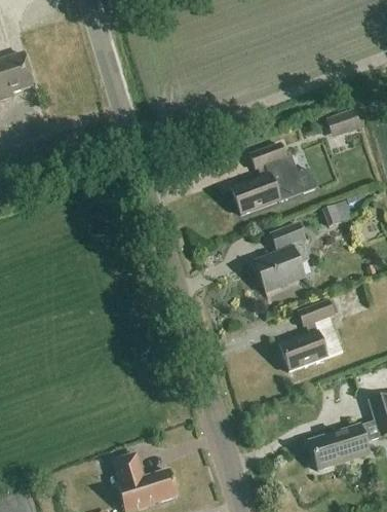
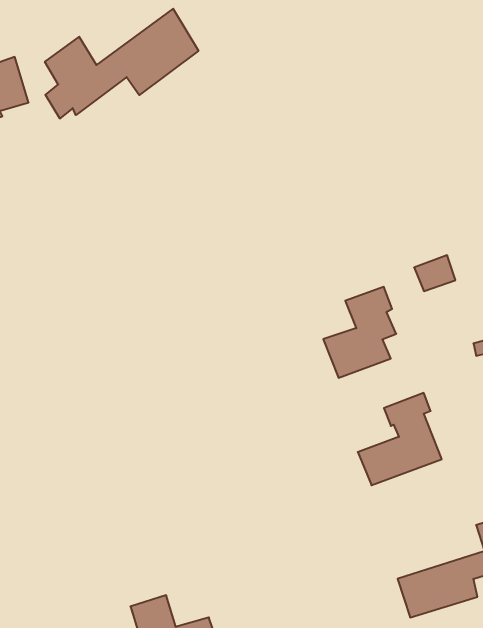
building: none -> [45,9,198,119]
building: [325,108,360,137] -> none
building: [231,142,317,214] -> none

